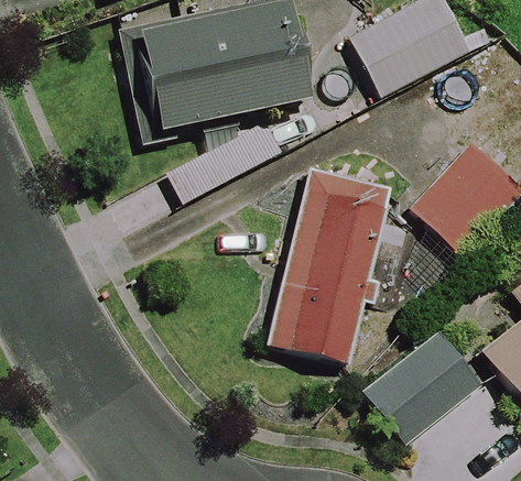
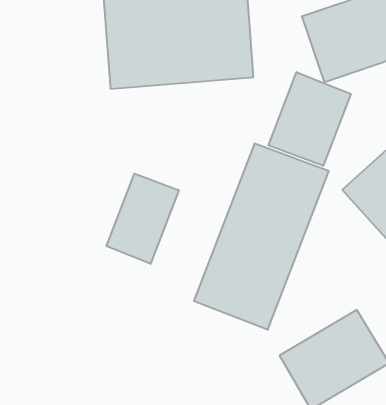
building: none -> [268,72,351,166]
building: none -> [107,174,179,264]

